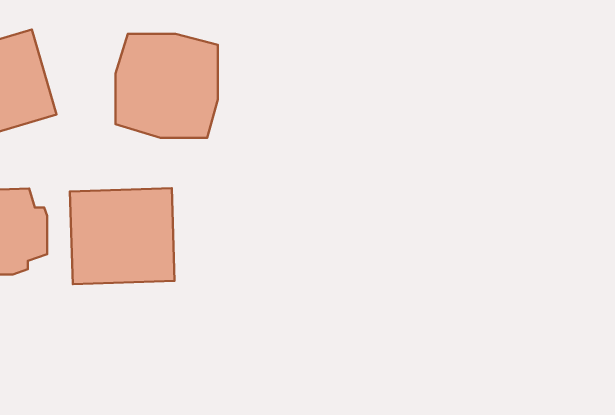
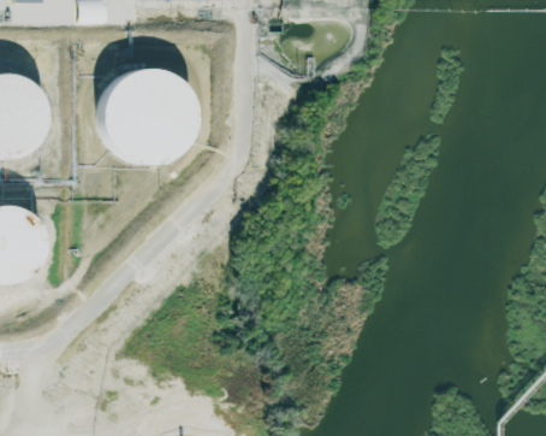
building: [70,188,174,284] -> none

